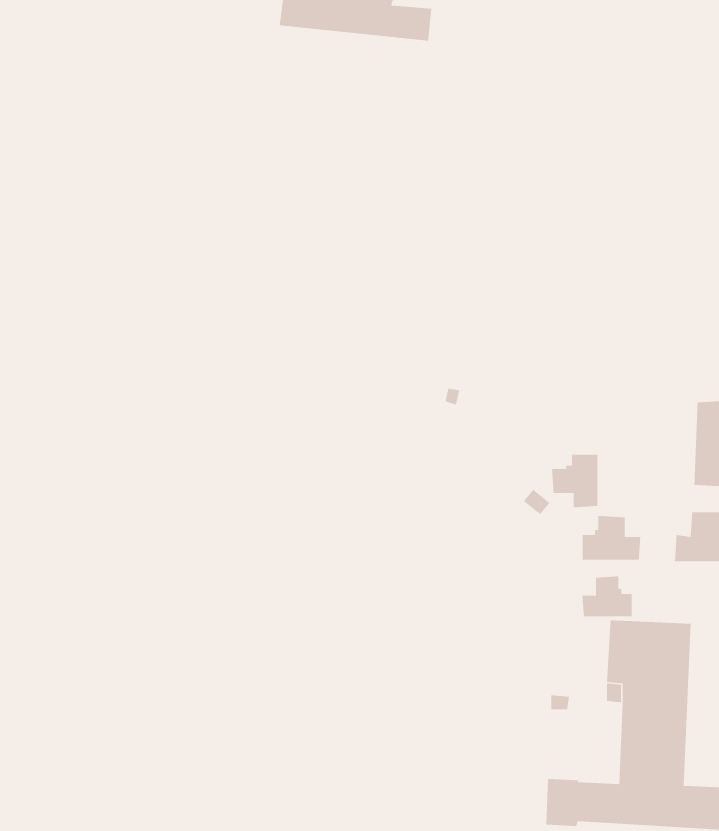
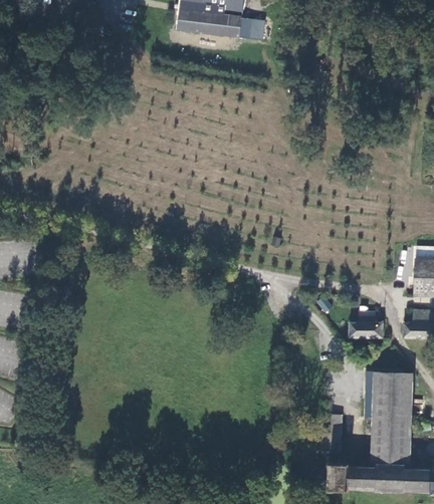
building: [551,454,598,508] -> none
building: [582,575,633,617] -> none

